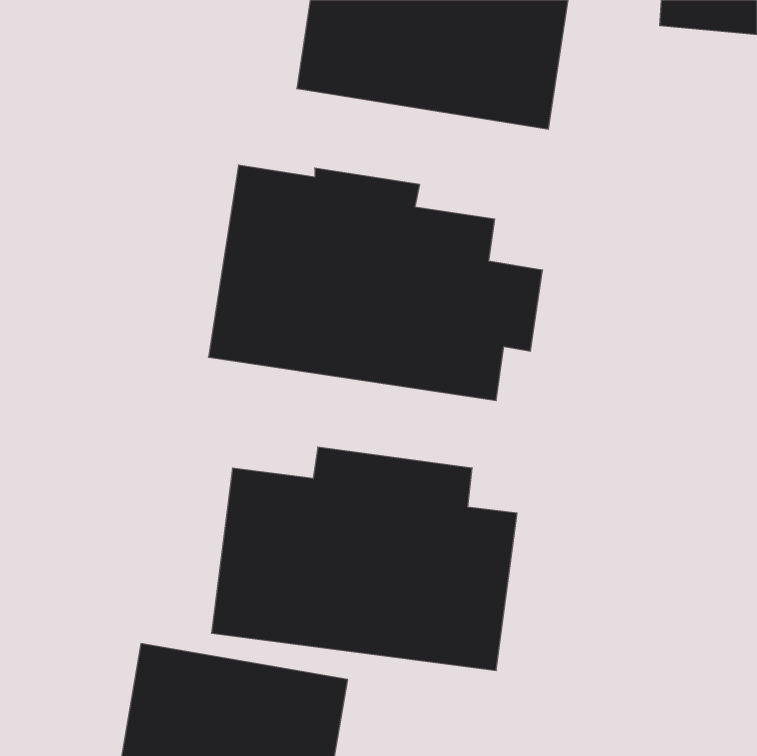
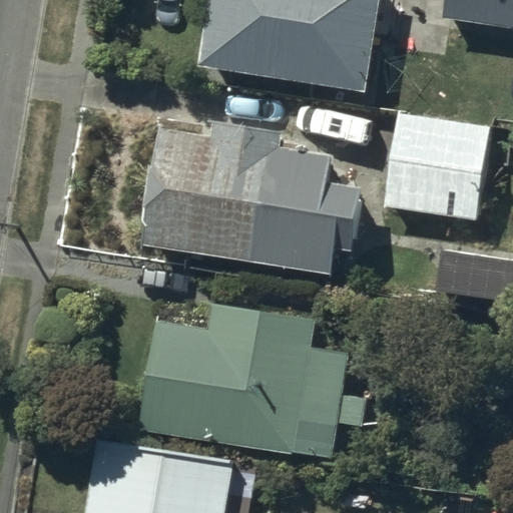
building: none -> [381,111,490,223]

